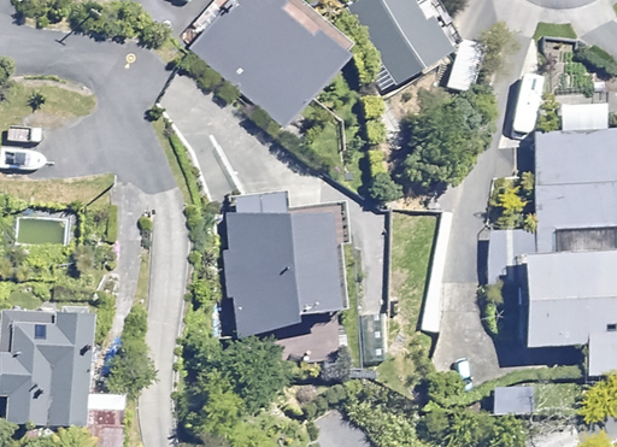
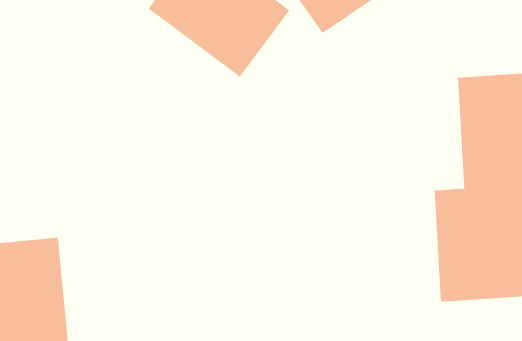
building: [230,201,347,330] -> none

